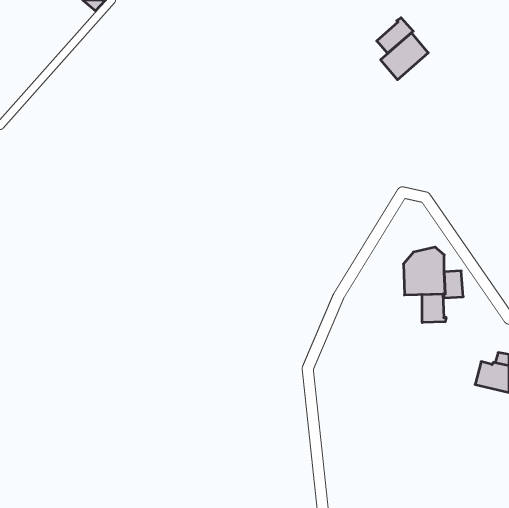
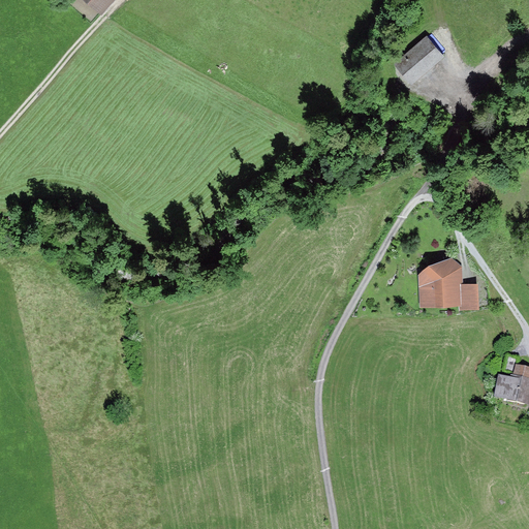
building: [377,18,413,53] -> none
building: [422,294,446,323] -> none

